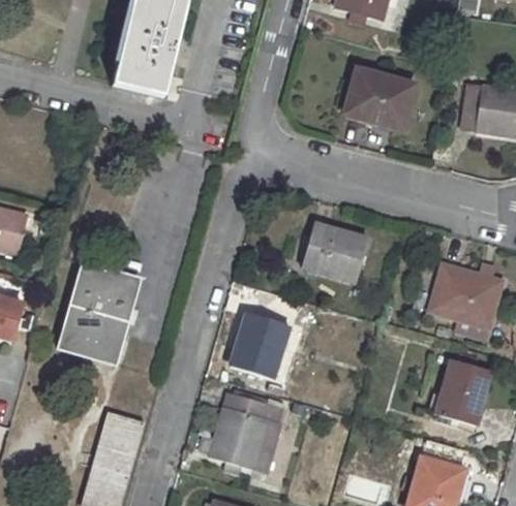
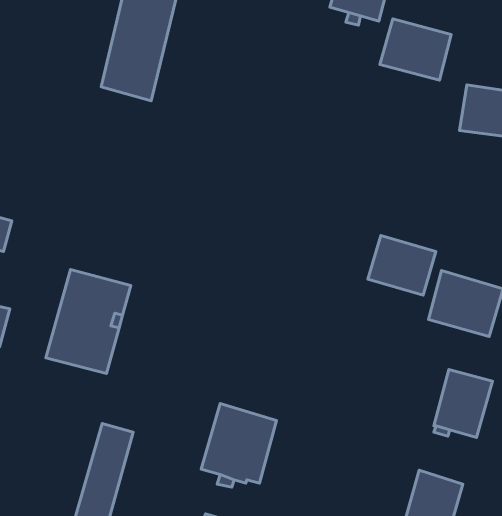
building: [343,68,413,128] -> [380,19,451,80]
building: [301,223,367,281] -> [368,236,436,295]
building: [230,313,286,378] -> none

